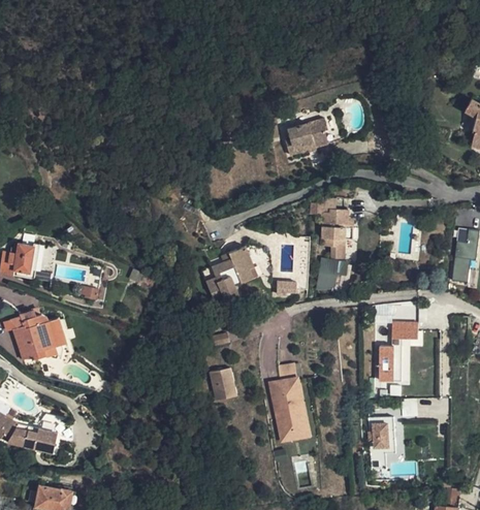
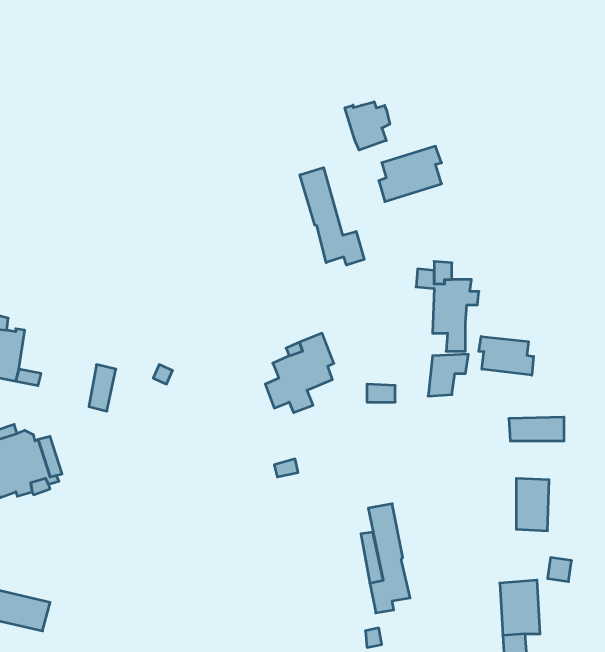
building: none -> [345,102,390,150]
building: none -> [300,168,364,265]
building: none -> [479,336,534,375]
building: [391,324,417,340] -> none
building: [212,369,236,401] -> none

